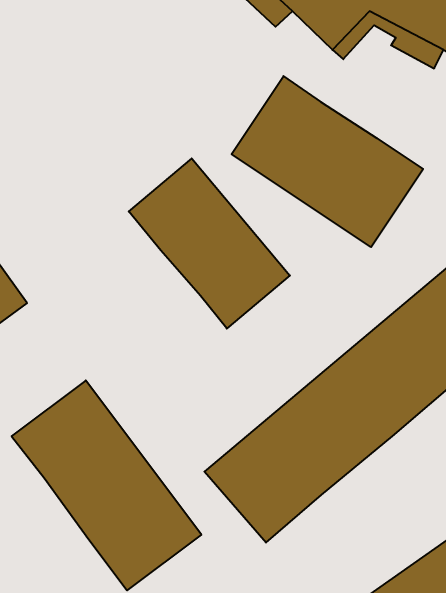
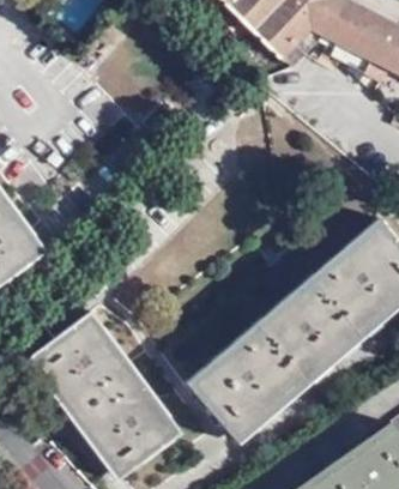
building: [232,76,423,247] -> none
building: [129,158,290,329] -> none

